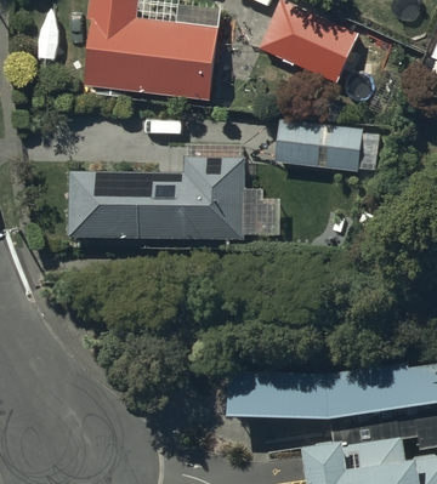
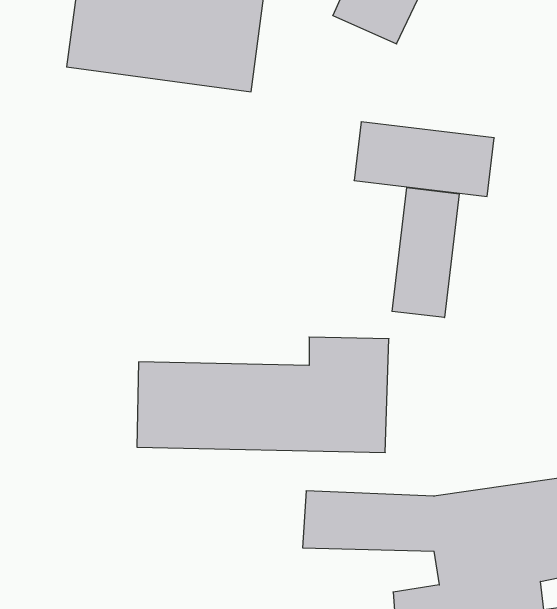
building: [70,158,243,237] -> [137,337,389,452]
building: none -> [392,188,459,318]

